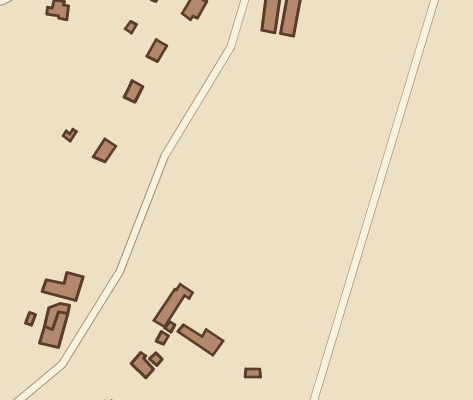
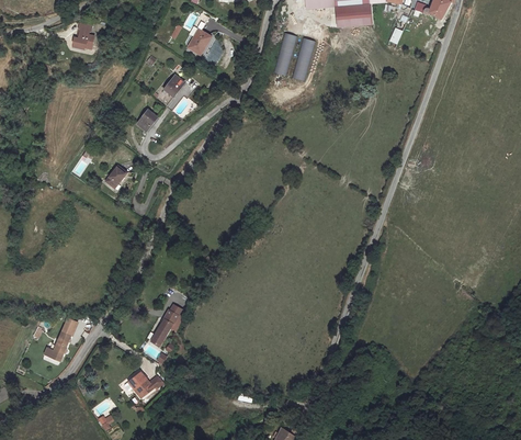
building: [42,272,83,301] -> none
building: [178,325,223,355] -> none

